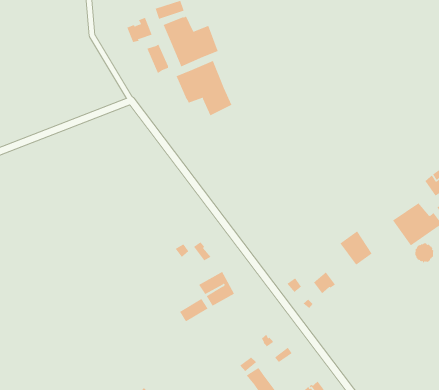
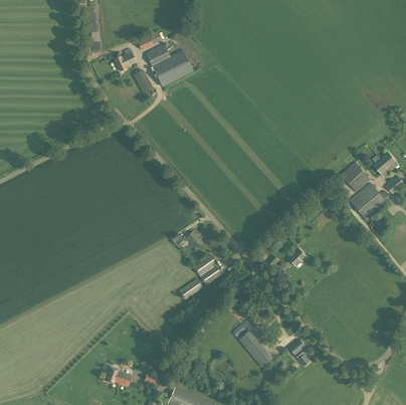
building: [176,60,232,116] -> none
building: [339,231,372,265] -> [342,162,370,191]

